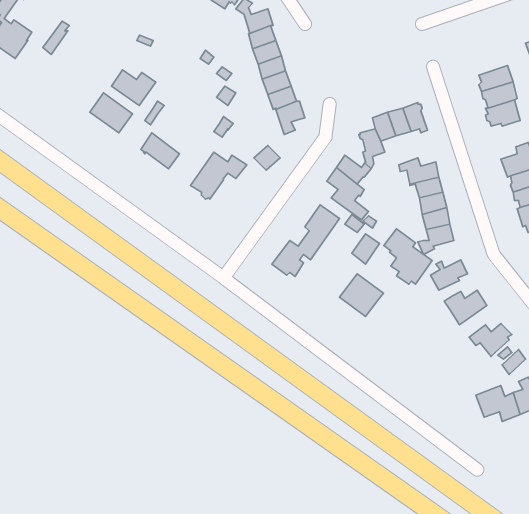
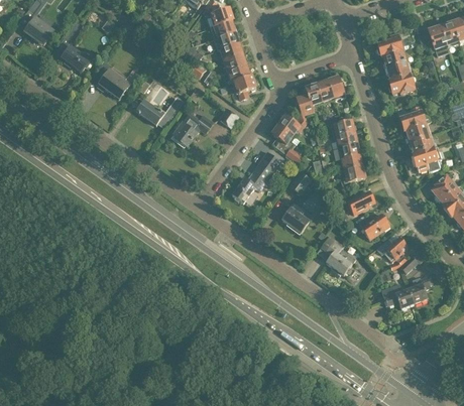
building: none -> [377,33,404,56]
building: [112,70,156,106] -> [62,45,94,72]
building: [384,229,432,284] -> [321,235,356,275]

